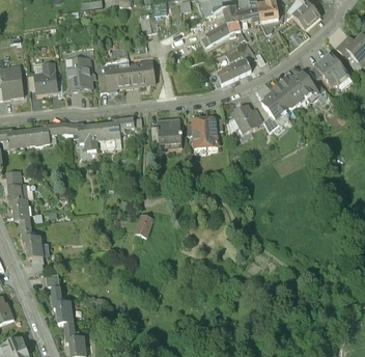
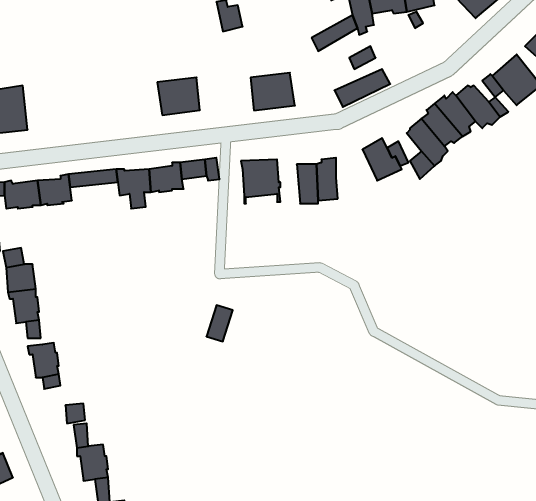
building: [66,60,91,91] -> none
building: [128,60,156,84] -> [251,73,295,110]
building: [32,64,56,94] -> none

